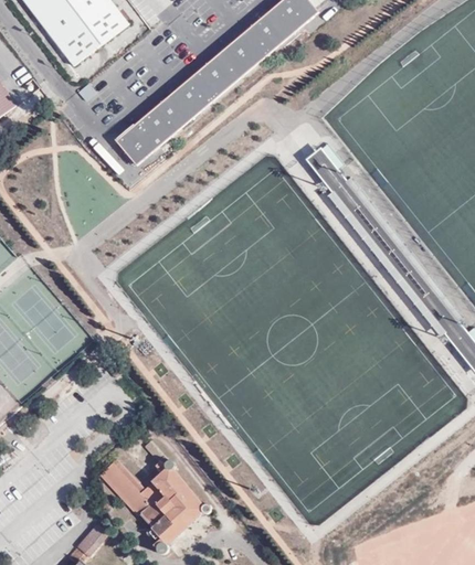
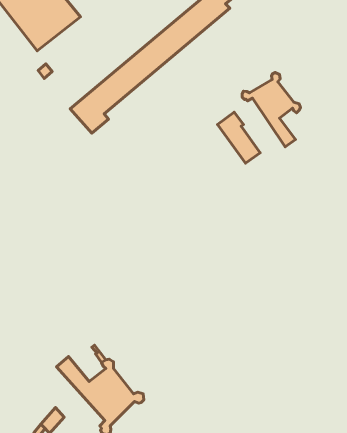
building: none -> [242,72,300,147]

